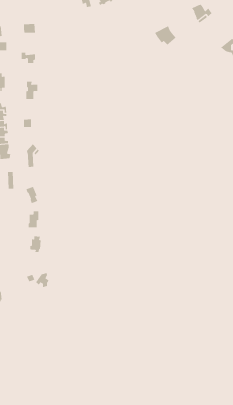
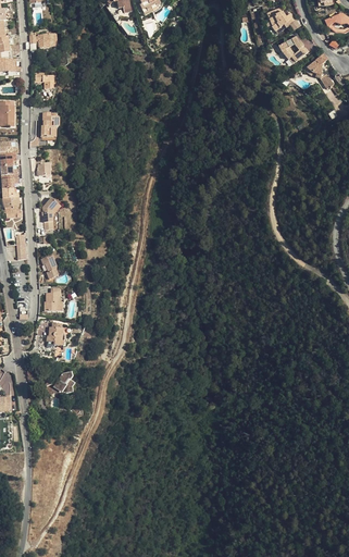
building: [154,26,176,46] -> [278,35,309,62]

